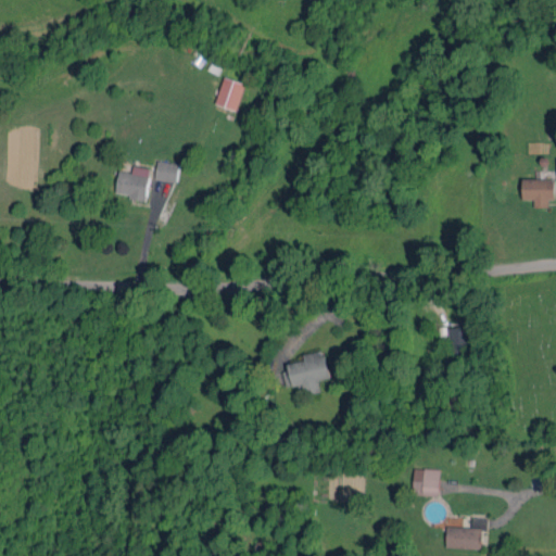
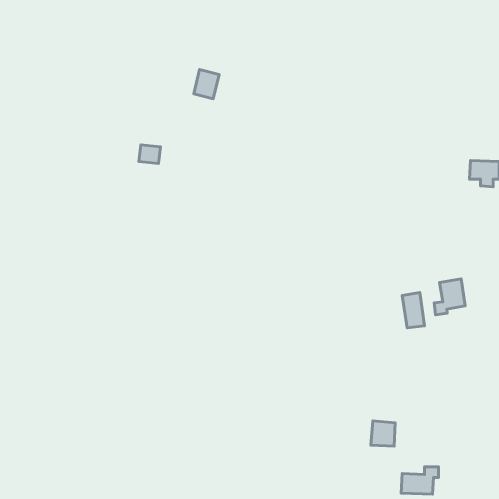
building: [115,166,150,199] -> none
building: none -> [434,279,465,315]
building: [280,351,329,395] -> none

